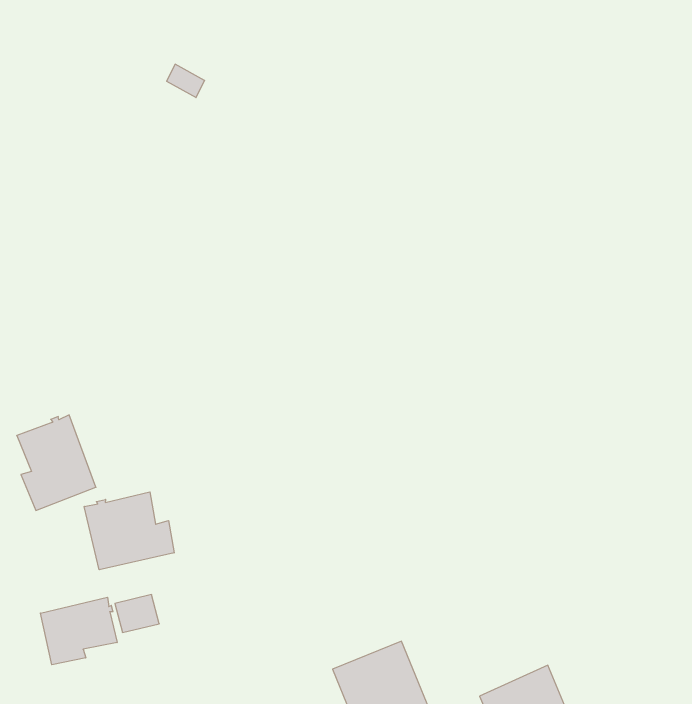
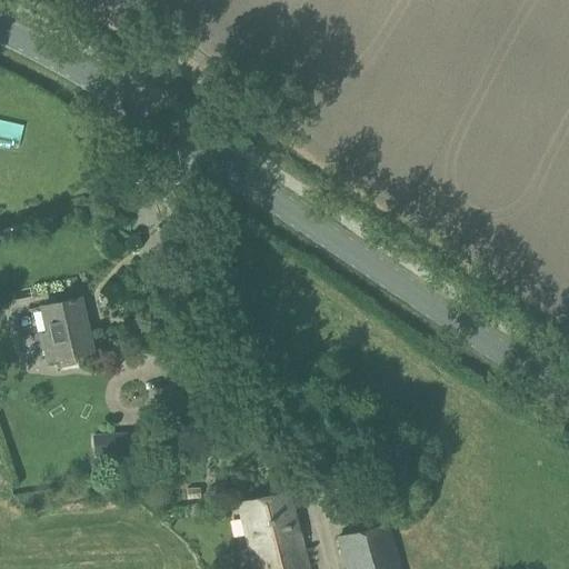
building: [84,492,174,570] -> none
building: [40,597,117,665] -> none

